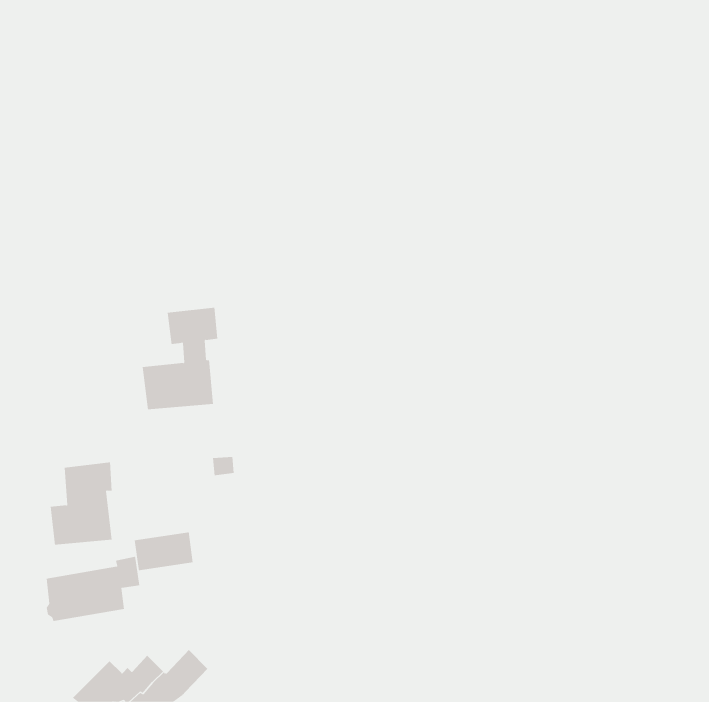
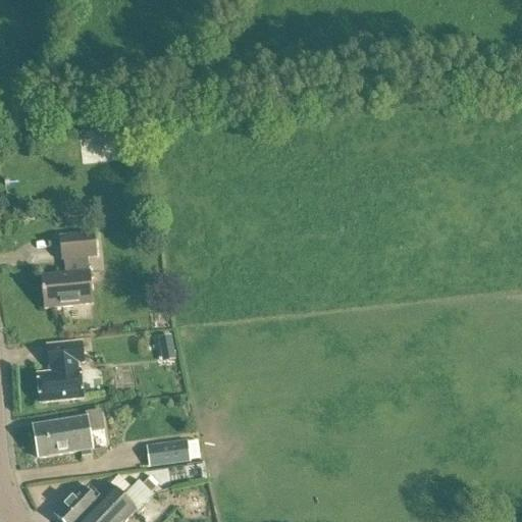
building: [142,307,218,410] -> [40,230,96,306]
building: [134,532,194,571] -> [146,437,190,466]

